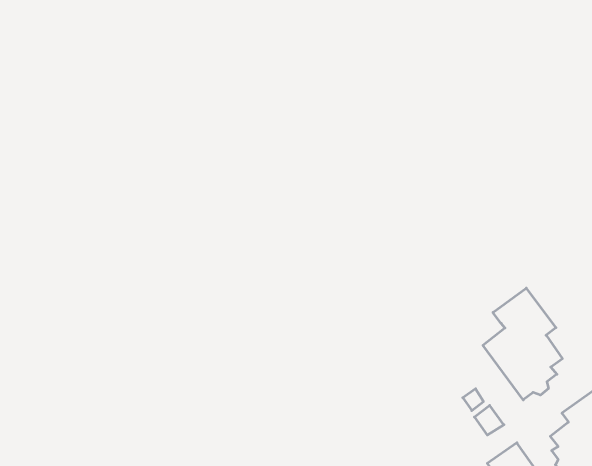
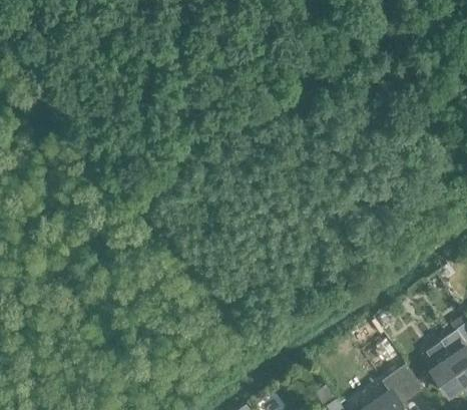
building: [483,288,562,400] -> none

